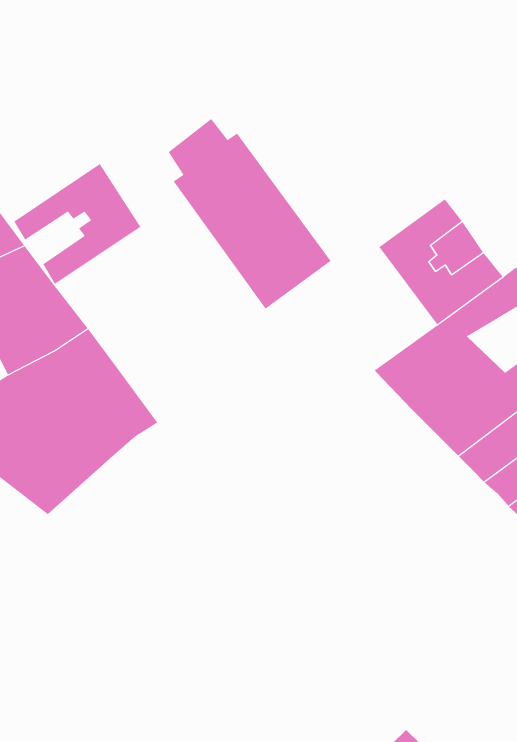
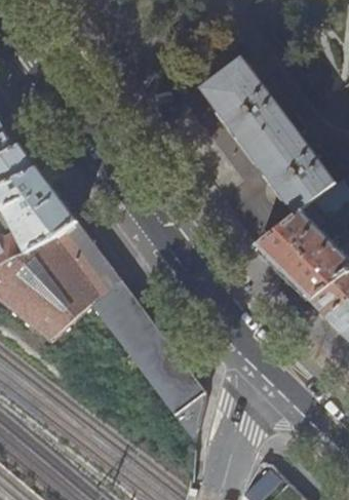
building: [168,118,332,310] -> [197,46,301,167]
building: [14,163,141,285] -> none
building: none -> [89,278,203,441]

